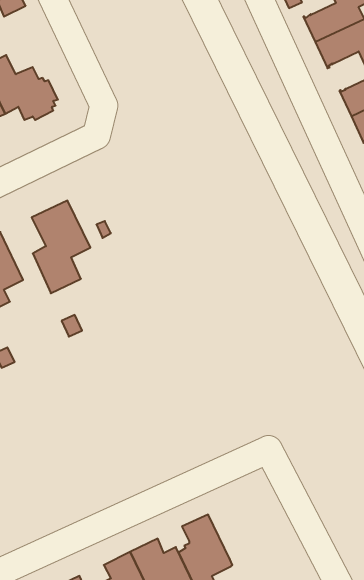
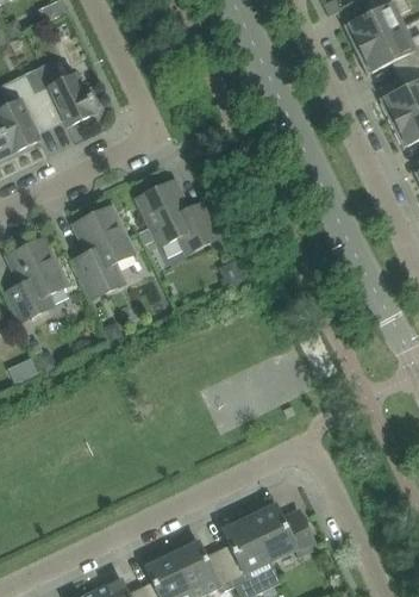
building: none -> [137,180,218,253]
building: none -> [249,504,315,561]

